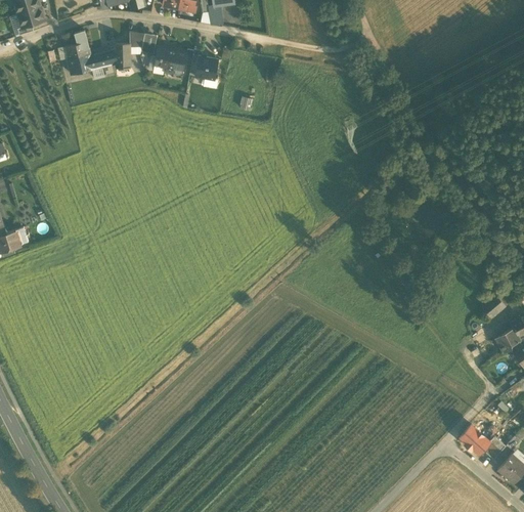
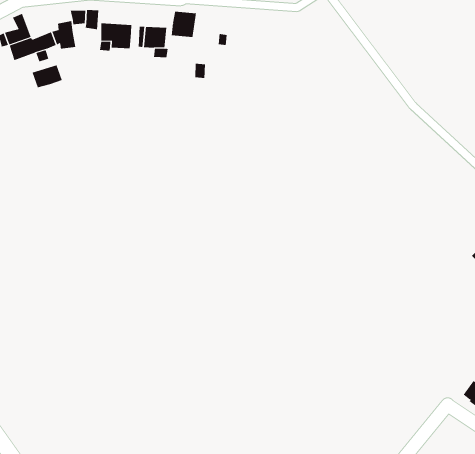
building: none -> [171,11,197,38]
building: none -> [32,64,63,88]

